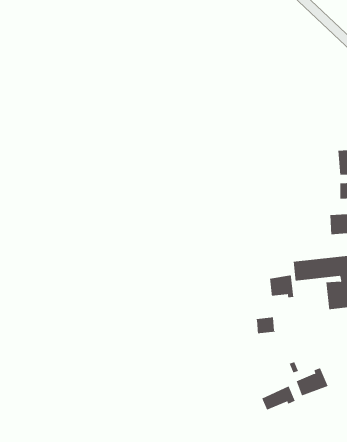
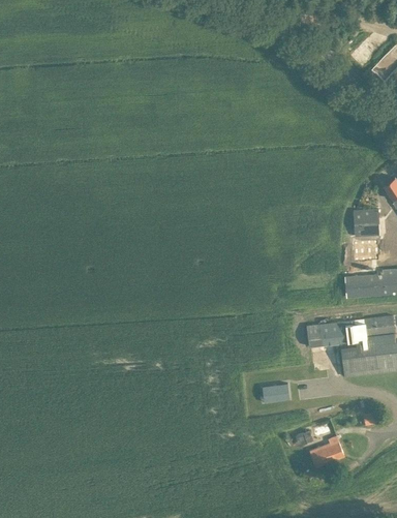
building: [269,274,294,298] -> none
building: [261,386,296,410] -> none

